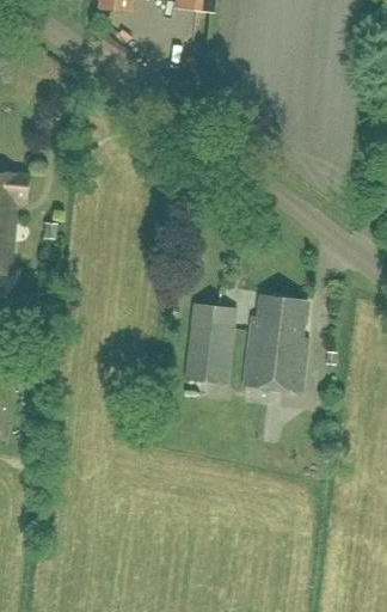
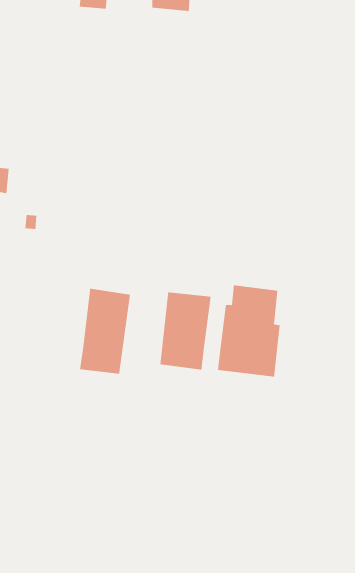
building: none -> [80,288,130,374]

